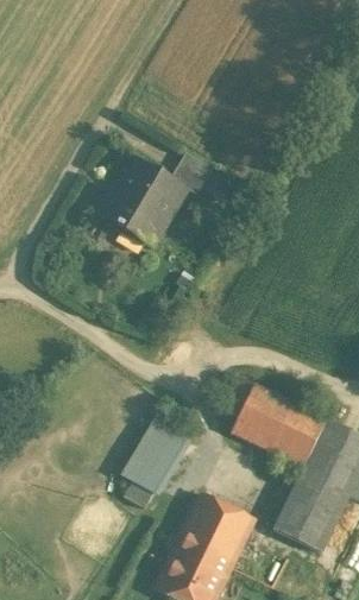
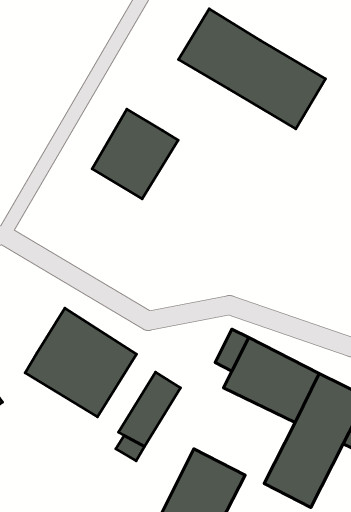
building: none -> [179,9,325,129]
building: [171,152,214,194] -> none
building: none -> [25,308,136,417]

